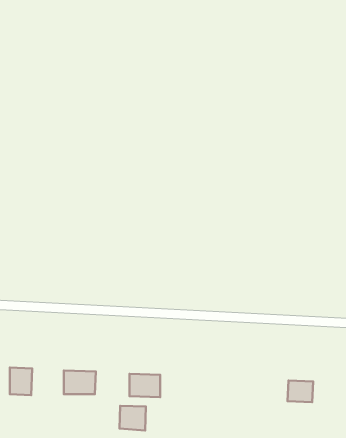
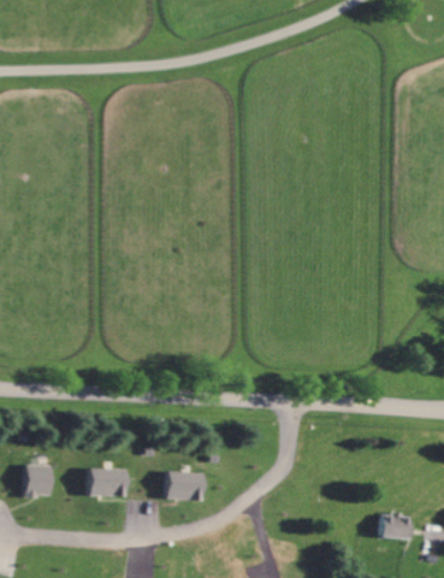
building: [287,381,313,402] -> [379,513,409,538]
building: [120,406,146,430] -> none

